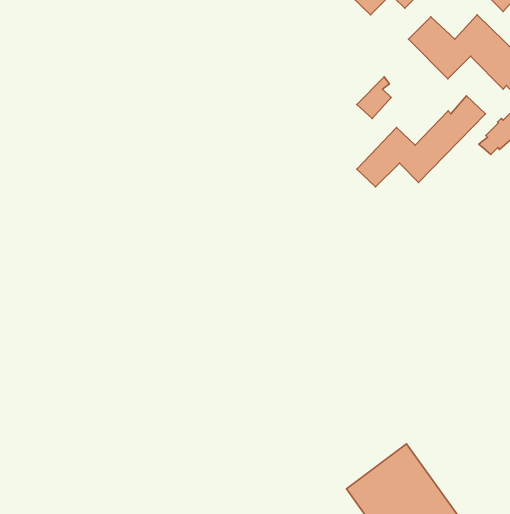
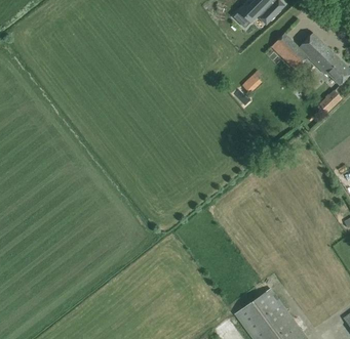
building: [357,96,486,187] -> none

